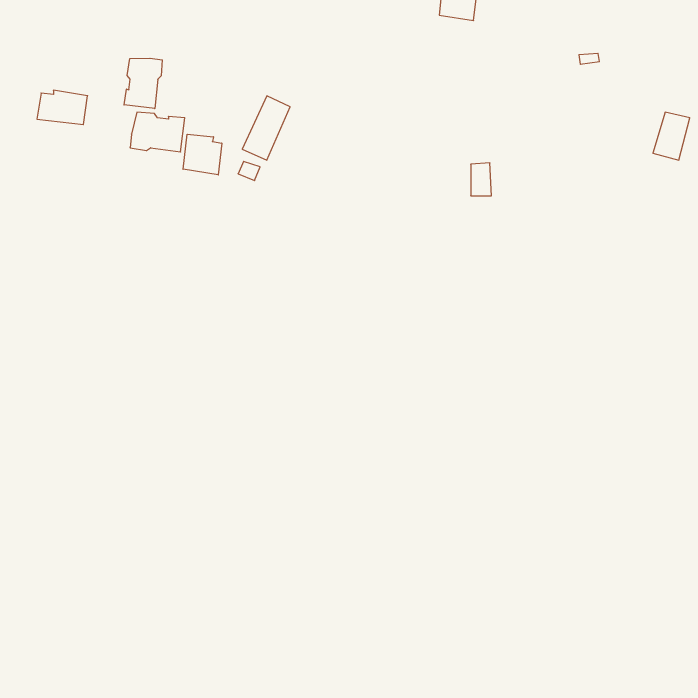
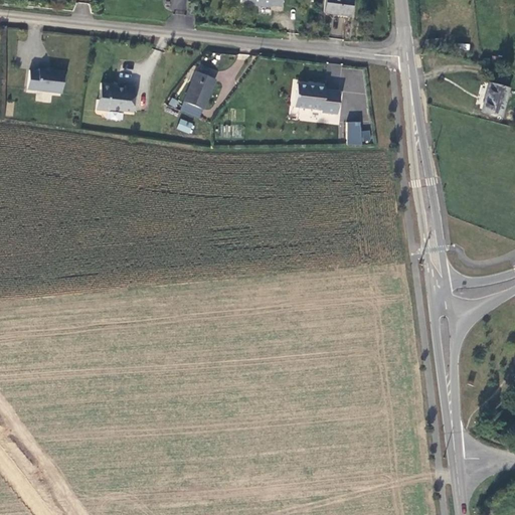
building: [124,58,162,109] -> none
building: none -> [295,83,340,115]
building: [183,134,222,175] -> none

